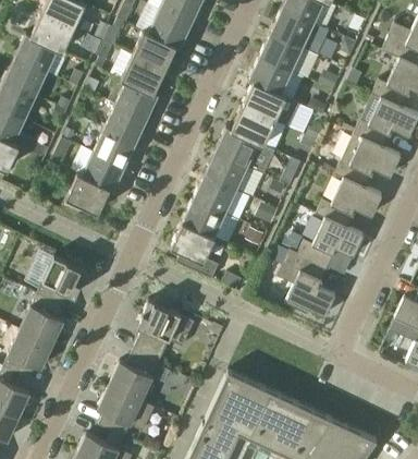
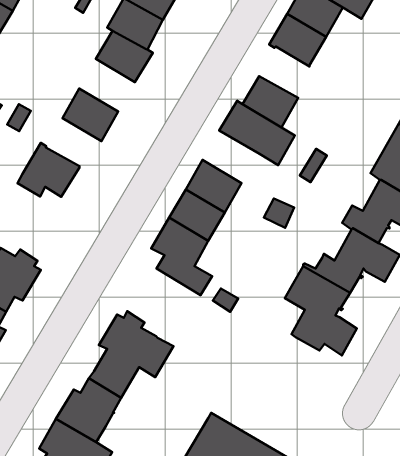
building: [243,83,300,128] -> none
building: [104,105,147,144] -> none
building: [205,152,248,191] -> none
building: [83,153,125,192] -> none

